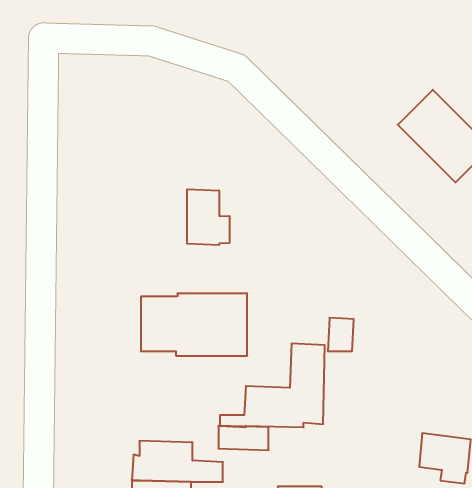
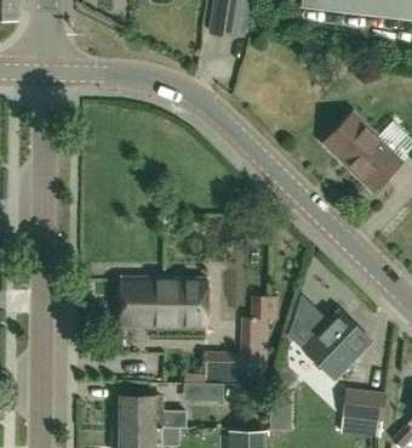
building: [187,189,229,245] -> none
building: none -> [288,295,370,376]

